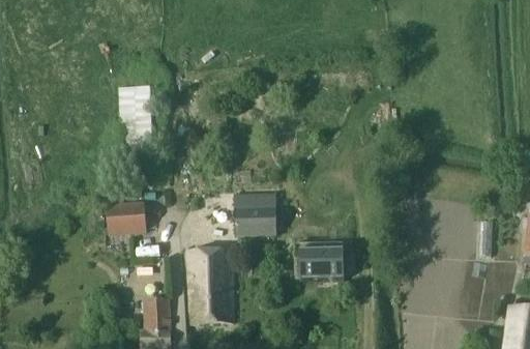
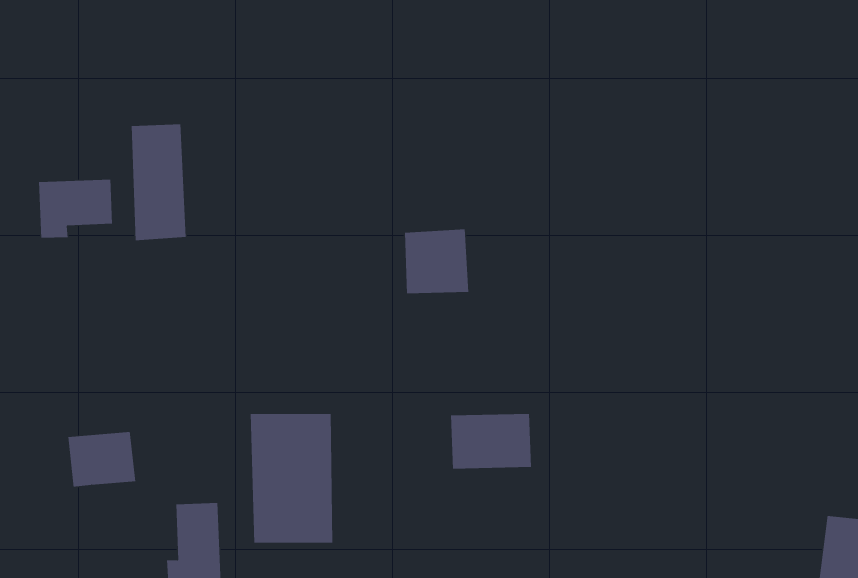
building: none -> [38,179,113,238]
building: [238,194,274,230] -> [404,229,469,294]
building: [108,202,146,233] -> [67,431,136,487]

